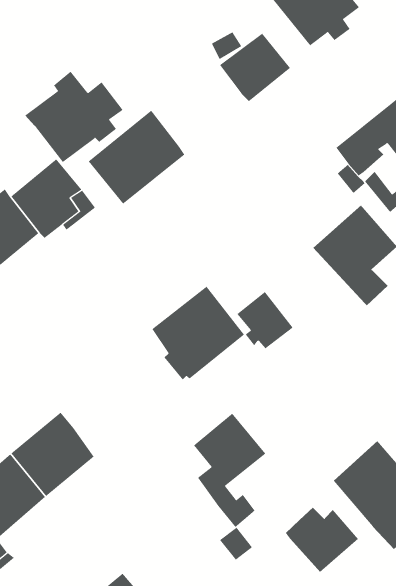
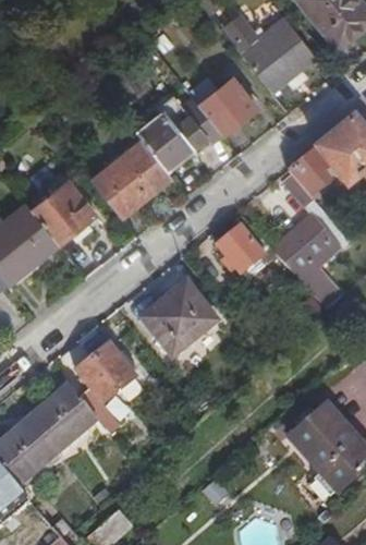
building: [25,71,123,163] -> [135,94,215,168]
building: [237,291,293,349] -> [219,225,265,271]
building: [193,413,266,528] -> [77,342,136,435]
building: [285,507,359,573] -> none

